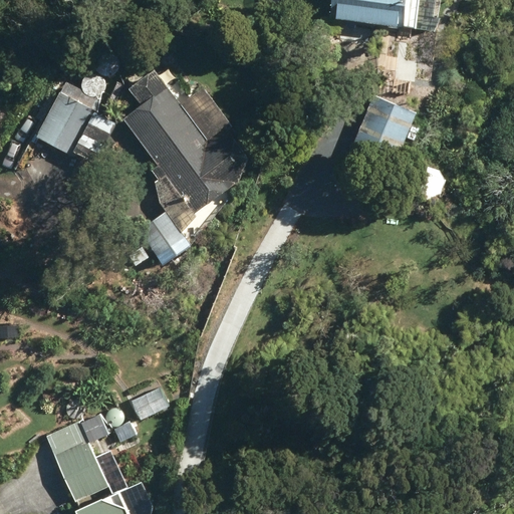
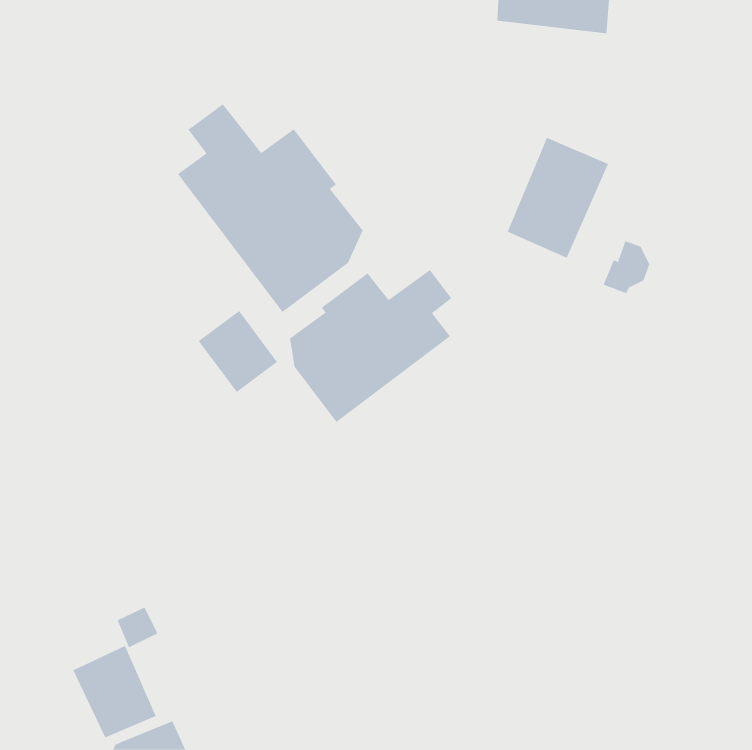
building: [36,91,97,156] -> none
building: none -> [290,269,452,423]

